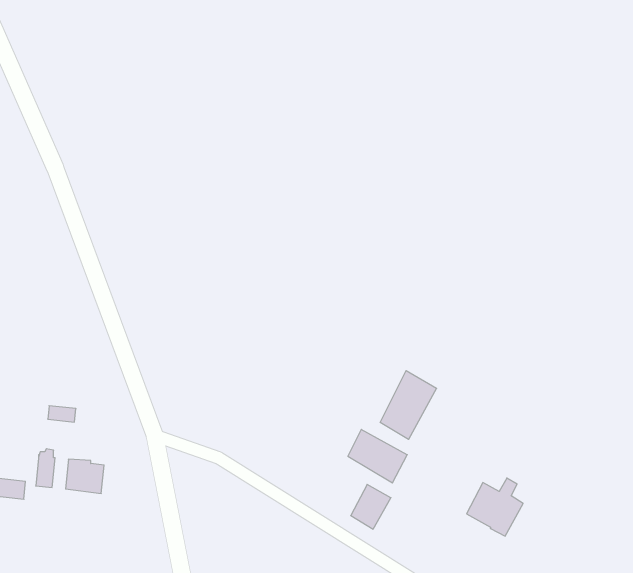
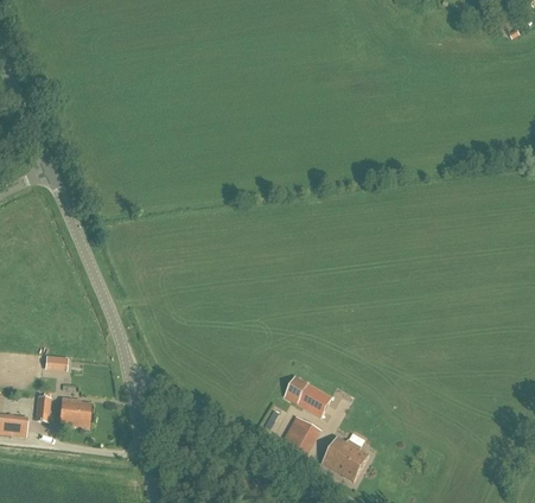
building: [380,371,437,439] -> none
building: [467,478,523,536] -> [323,434,368,480]

